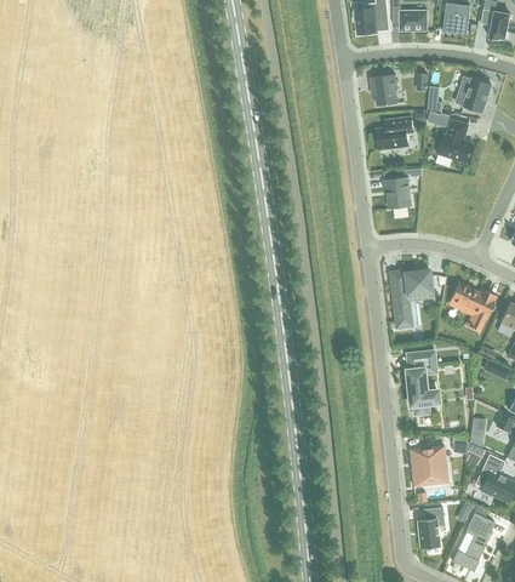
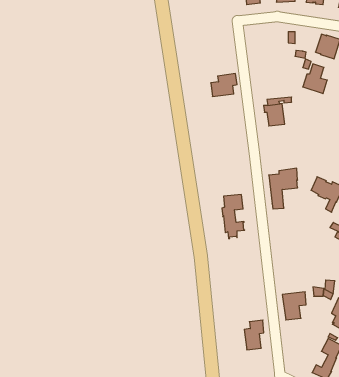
building: [370,73,397,105] -> none
building: [376,115,413,148] -> [211,74,237,96]
building: [405,350,437,413] -> [222,195,245,239]
building: [416,506,444,548] -> [244,320,264,350]

